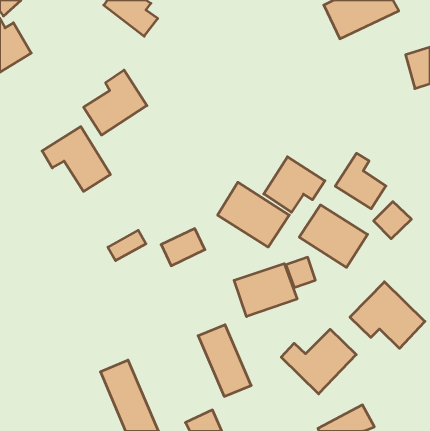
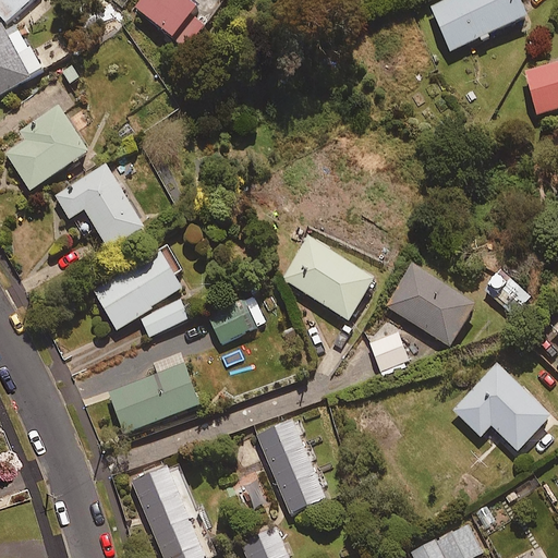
building: [84,70,147,135] -> [5,105,87,189]
building: [335,153,386,209] -> none
building: [264,157,325,212] -> none
building: none -> [90,244,182,329]
building: [234,264,297,317] -> none
building: none -> [110,363,198,433]
building: [281,329,356,394] -> none

